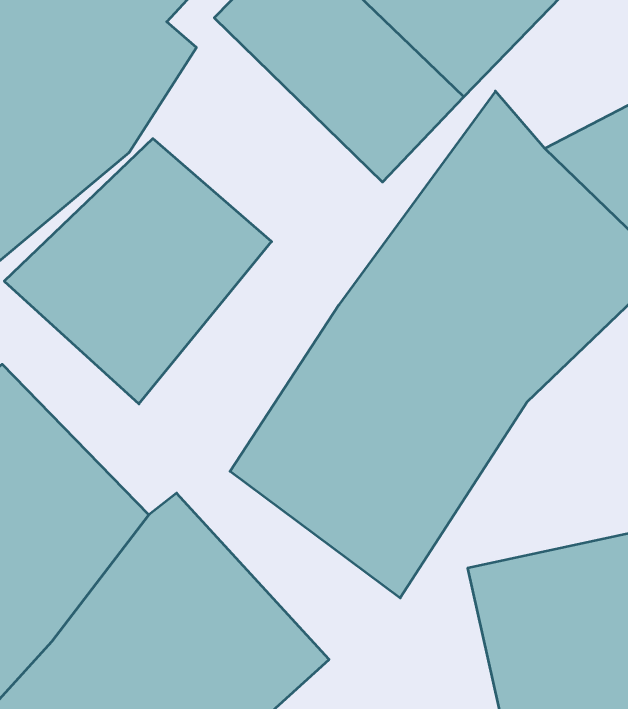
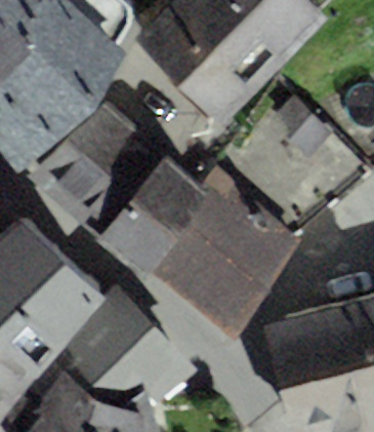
building: none -> [98,158,202,277]

